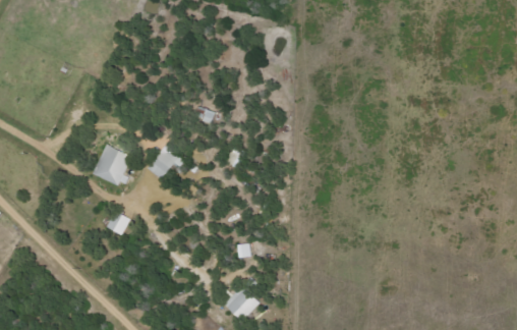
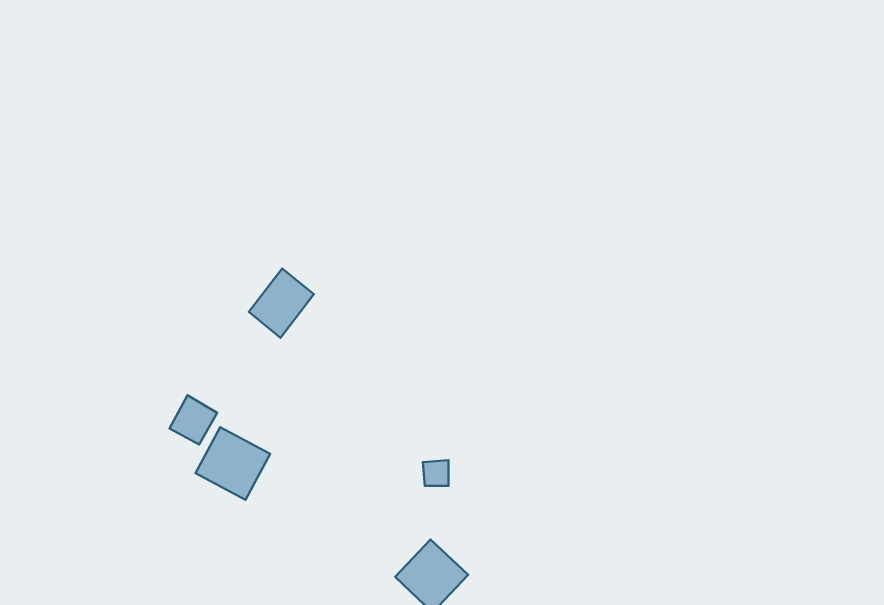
building: [93,144,131,185] -> none
building: none -> [195,427,270,500]

